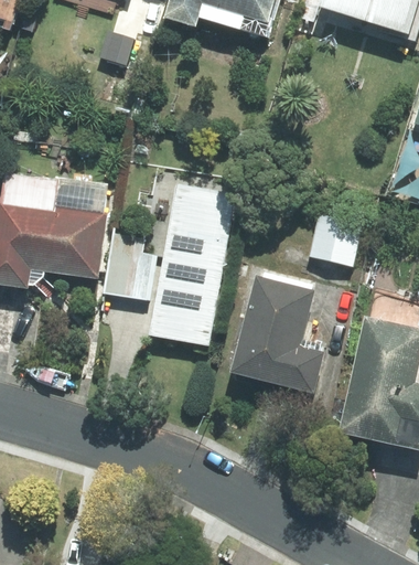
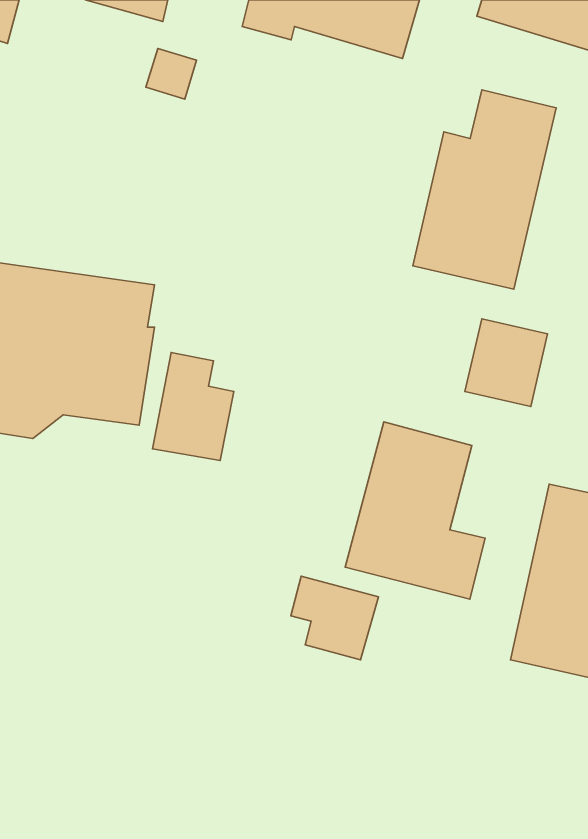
building: none -> [413,90,556,289]
building: [148,184,236,347] -> none
building: none -> [291,576,378,660]

